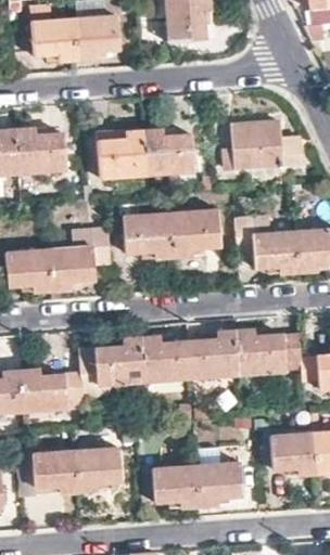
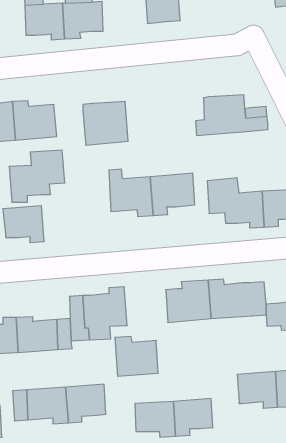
building: [143,130,193,175] -> none
building: [49,229,112,287] -> [9,150,65,202]
building: [142,337,191,382] -> [115,337,158,376]

